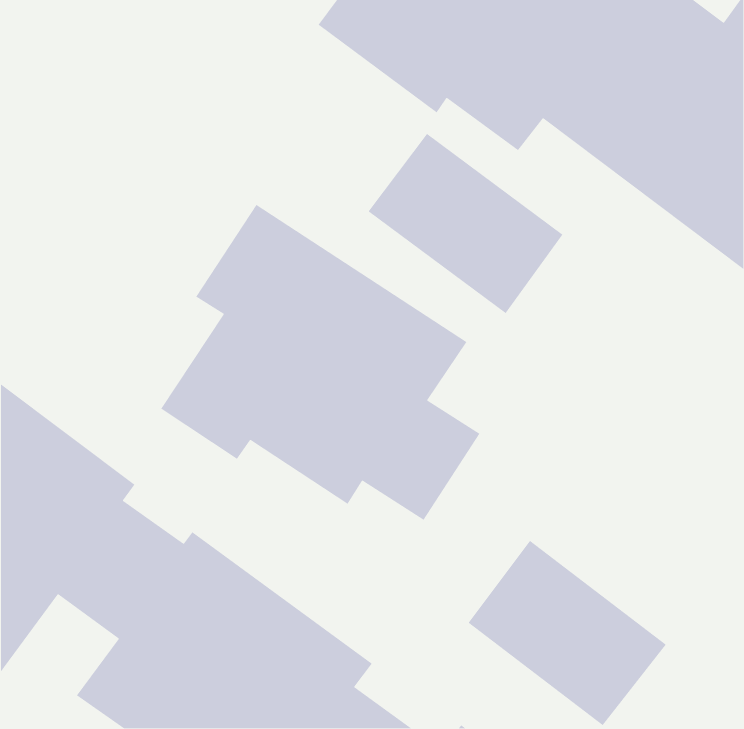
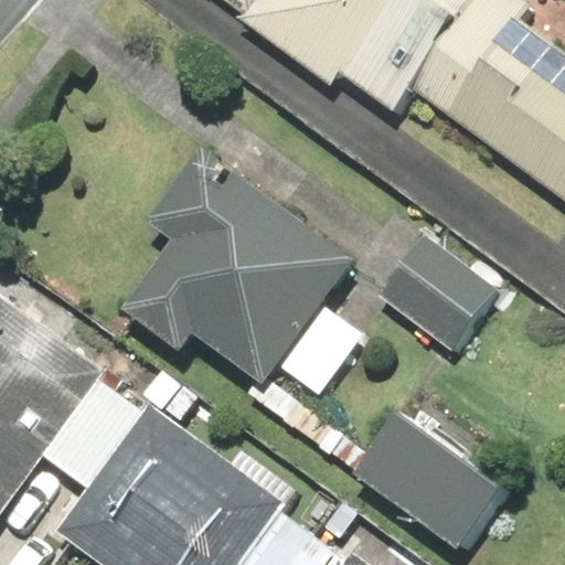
building: [367,133,563,314] -> none
building: none -> [377,230,500,348]

